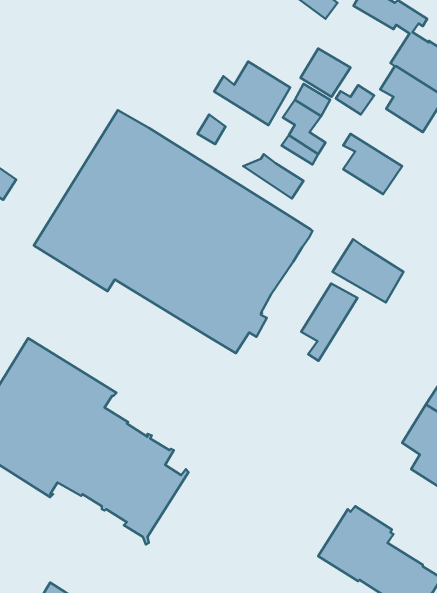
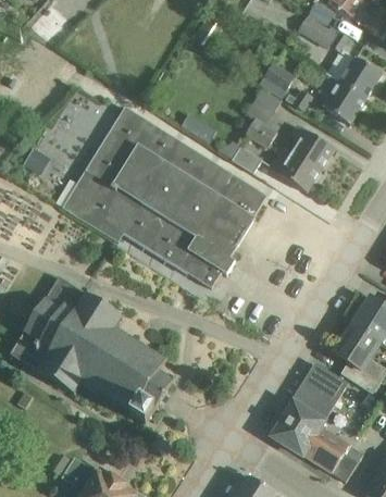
building: [214,62,290,125] -> none
building: [333,239,403,303] -> [267,145,320,191]
building: [301,283,357,361] -> none
building: none -> [299,363,348,417]

